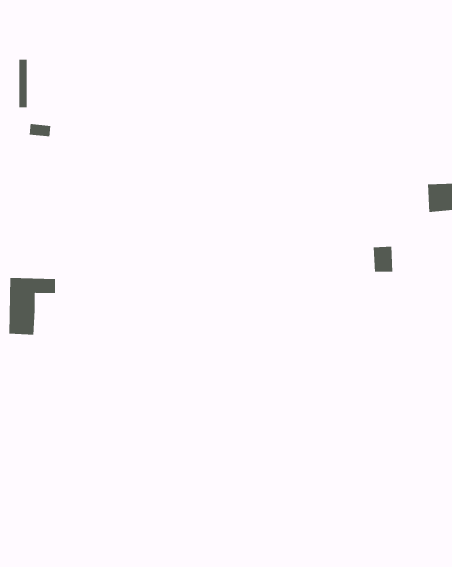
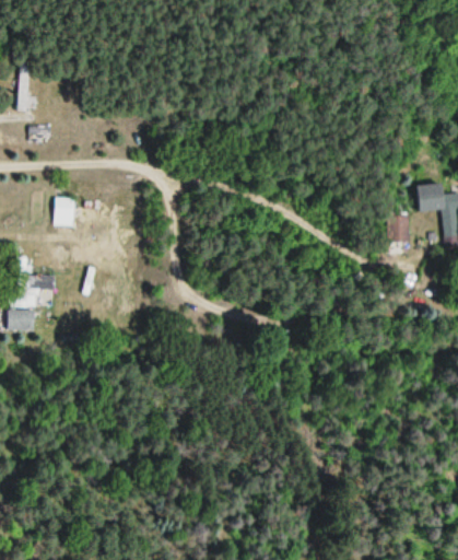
building: none -> [54,198,74,226]
building: [373,246,393,272] -> [388,215,408,241]

